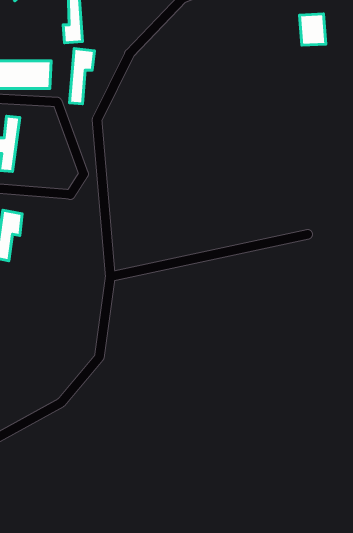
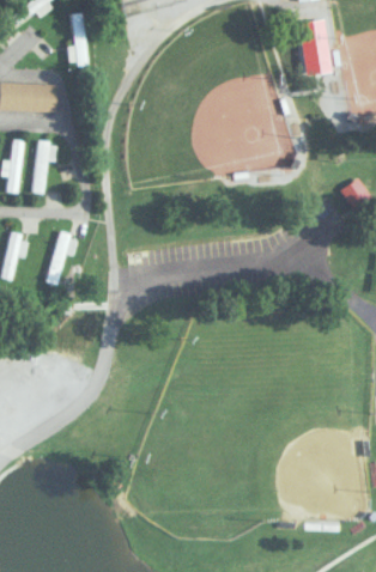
building: [69,49,95,104] -> [31,140,56,195]
building: none -> [38,227,75,287]

